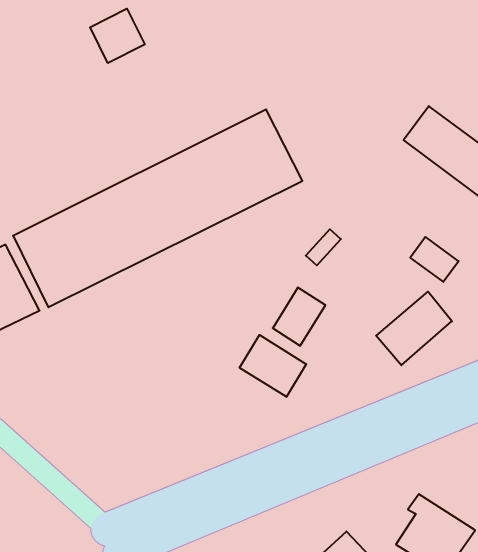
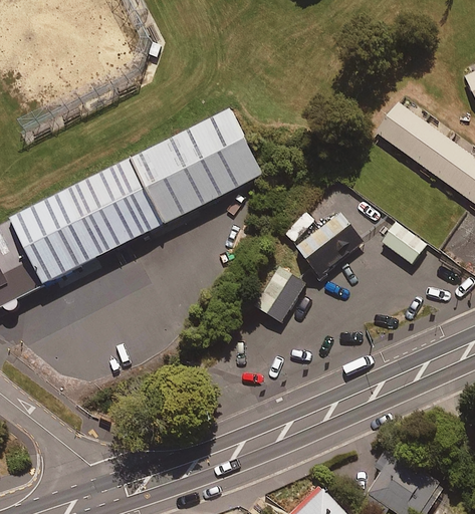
building: [90,9,145,63] -> none
building: [376,292,452,365] -> [293,207,363,274]
building: [240,335,306,397] -> none

